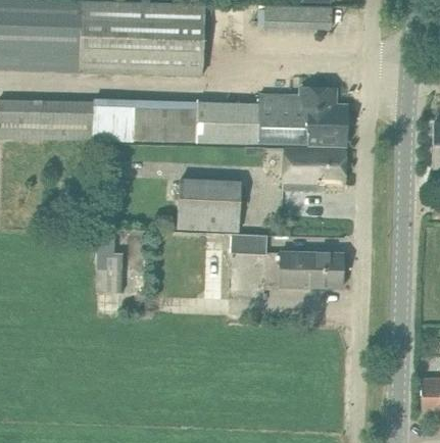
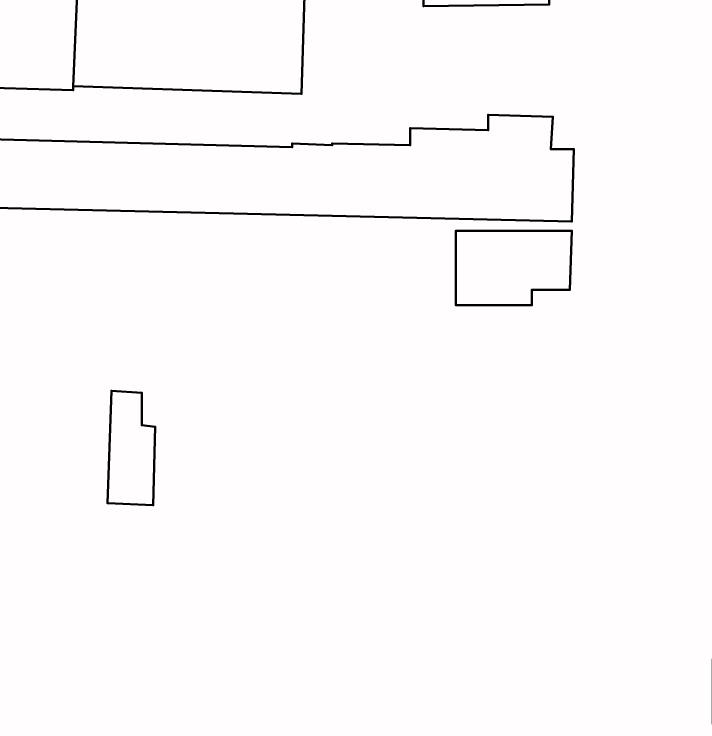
building: [178,179,241,231] -> none
building: [230,240,265,263] -> none
building: [279,251,344,286] -> none

